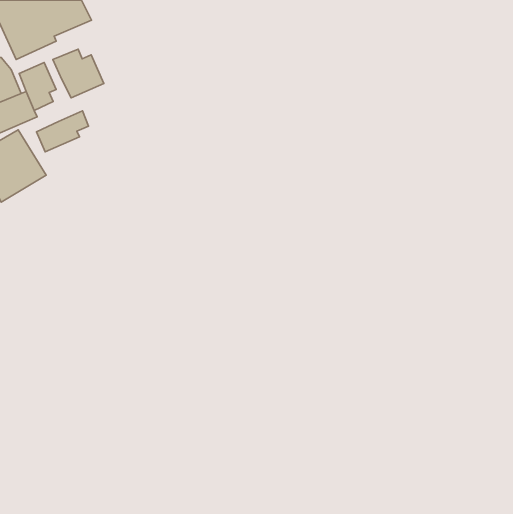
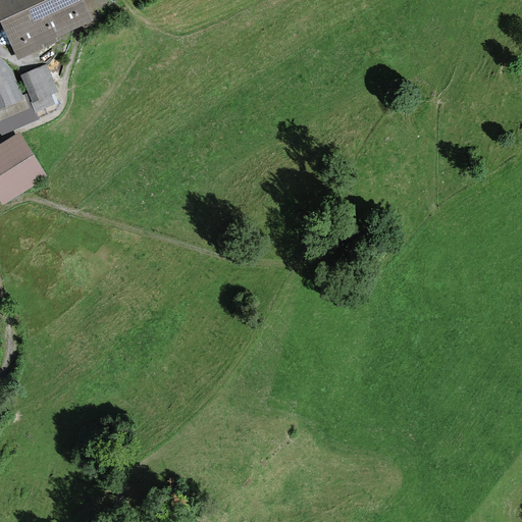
building: [53,49,104,98] -> none
building: [37,111,88,152] -> none

